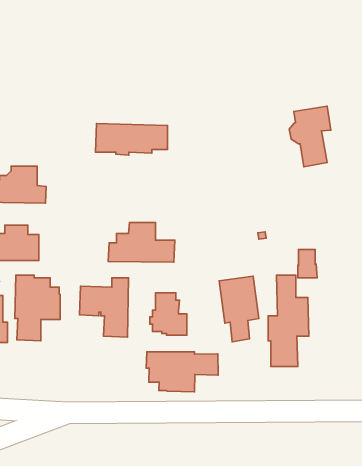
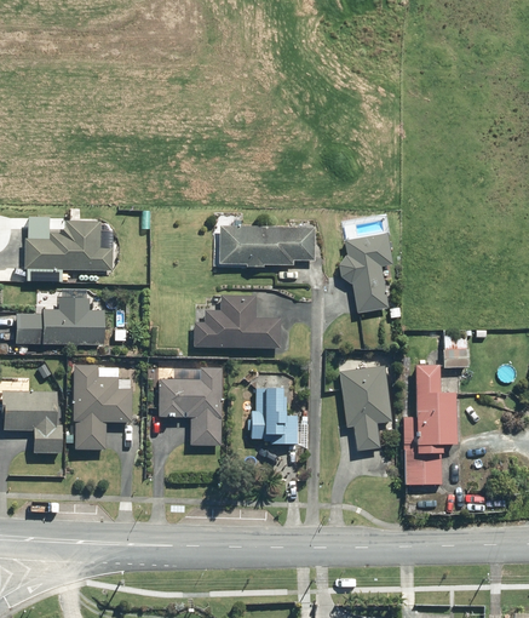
building: [289,106,331,167] -> [338,233,392,313]
building: [95,124,168,155] -> [219,225,314,267]
building: [146,352,218,392] -> none

